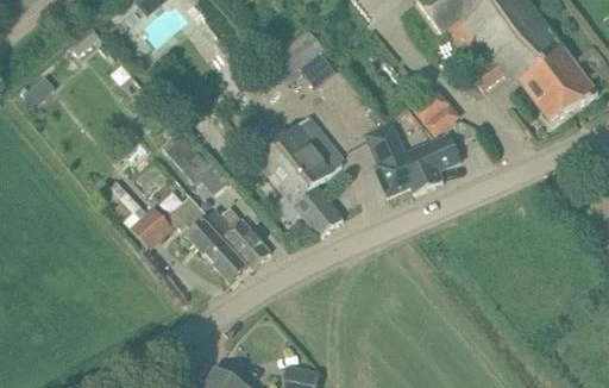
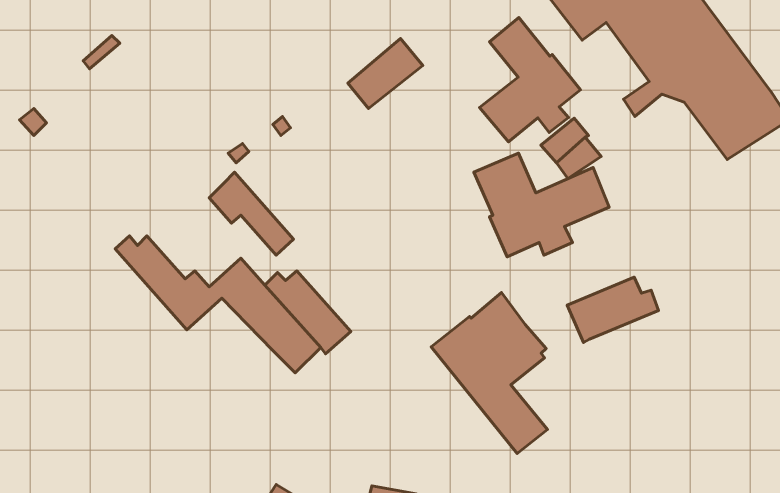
building: none -> [479,18,581,142]
building: [256,117,343,237] -> [431,293,548,453]
building: none -> [567,277,659,343]

